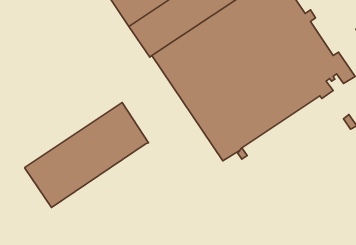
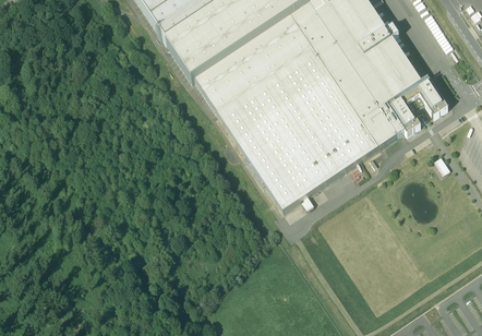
building: [25,102,149,208] -> none

